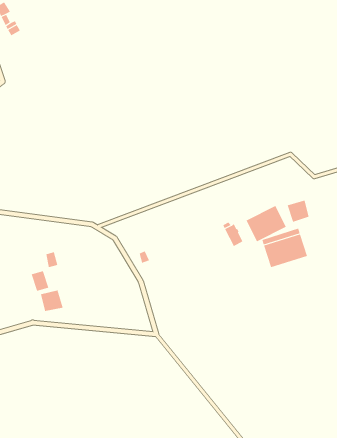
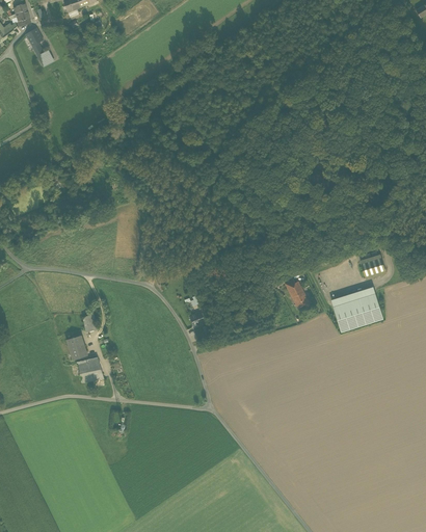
building: [246,205,286,242] -> none

